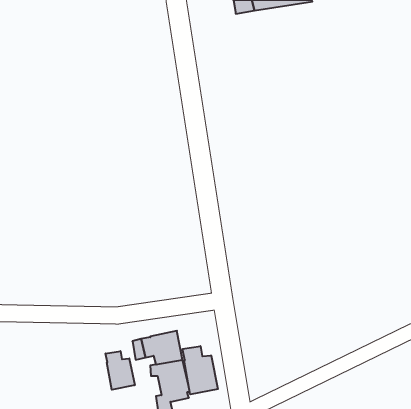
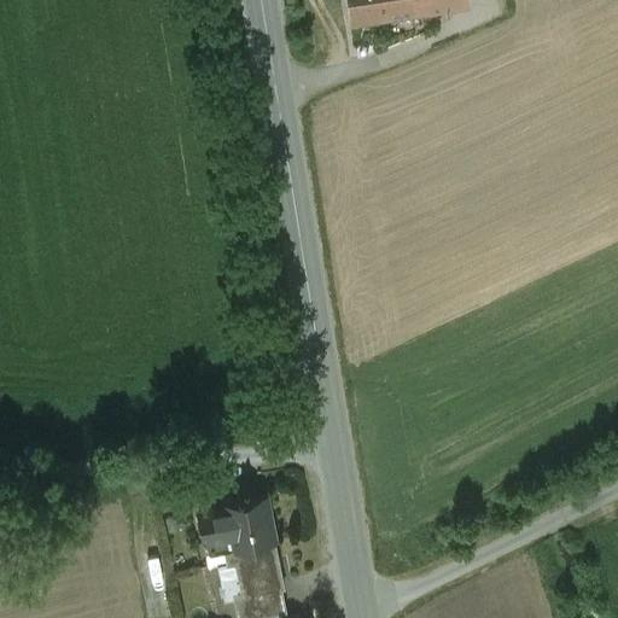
building: [183,346,218,394] -> none
building: [106,351,135,390] -> none

